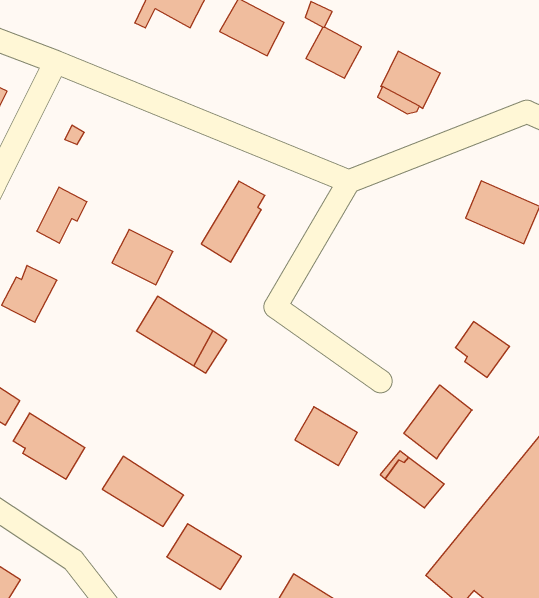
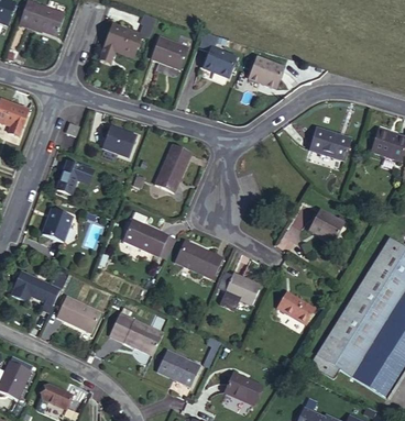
building: [112,229,173,285] -> [102,125,138,156]
building: none -> [175,240,223,278]
building: [404,385,472,459] -> none

